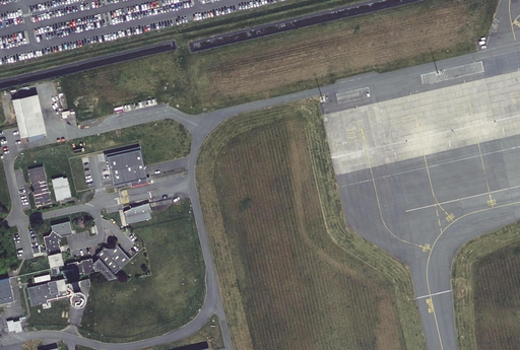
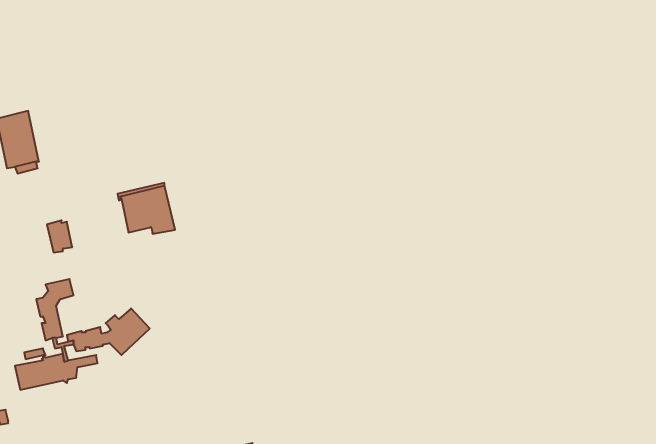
building: [27,166,50,206] -> none
building: [124,203,151,223] -> none

